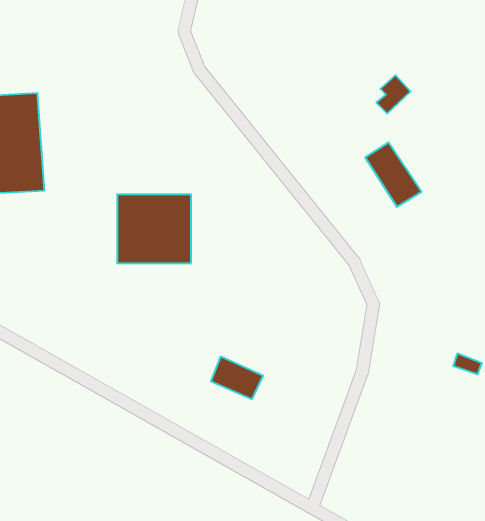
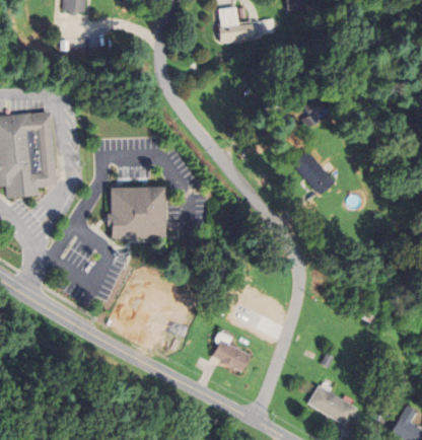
building: [211,357,263,399] -> [212,340,251,371]
building: none -> [307,382,358,424]

